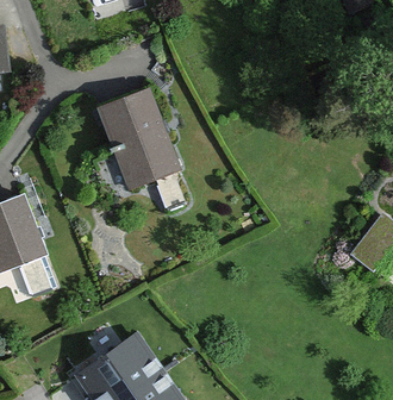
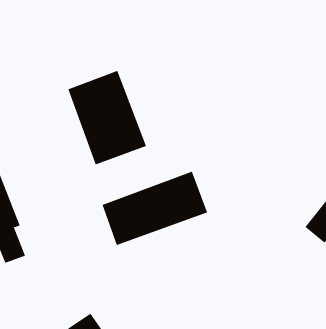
building: none -> [102,171,208,246]

